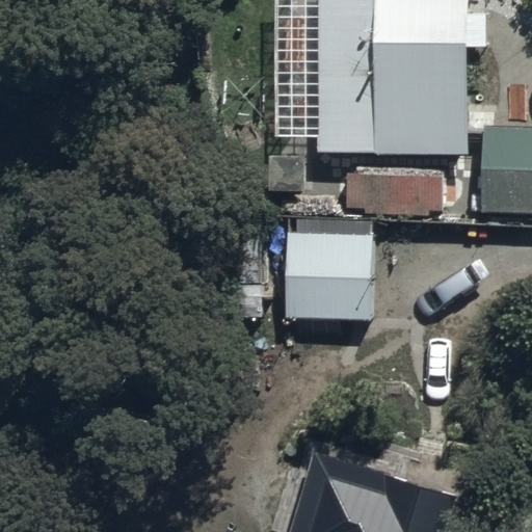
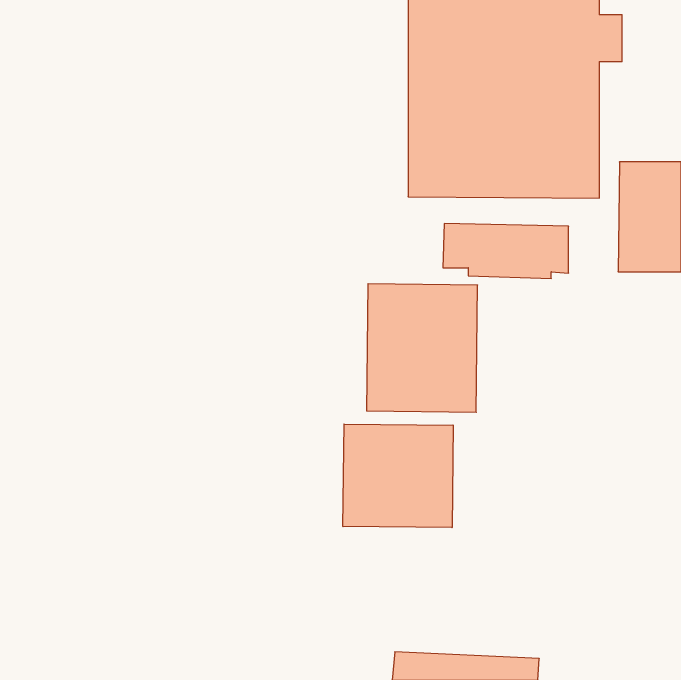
building: none -> [343,424,453,528]

